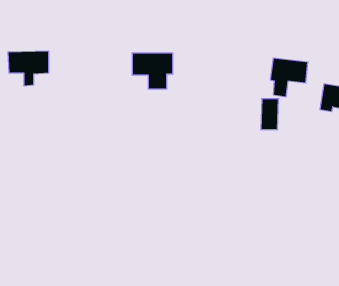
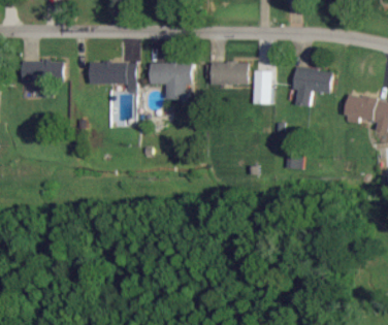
building: none -> [89,62,135,90]
building: none -> [209,62,248,85]
building: [261,99,279,130] -> [252,71,270,103]

